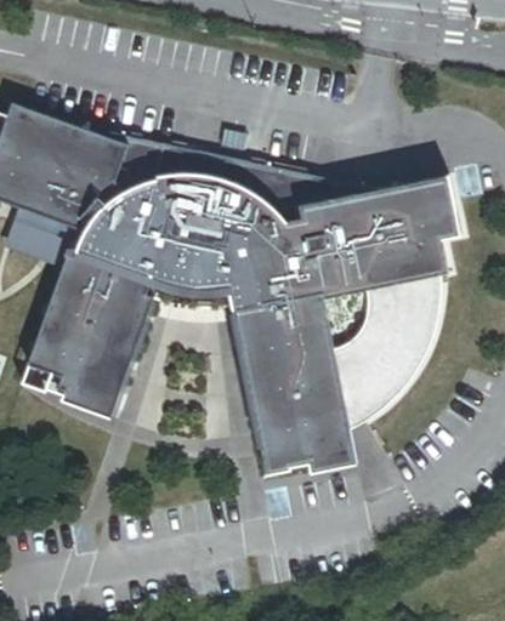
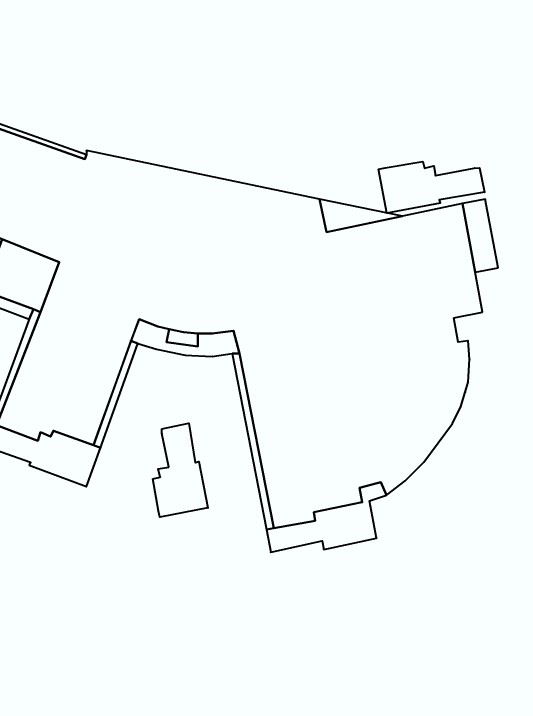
building: none -> [379,162,485,213]
building: none -> [153,423,208,517]

